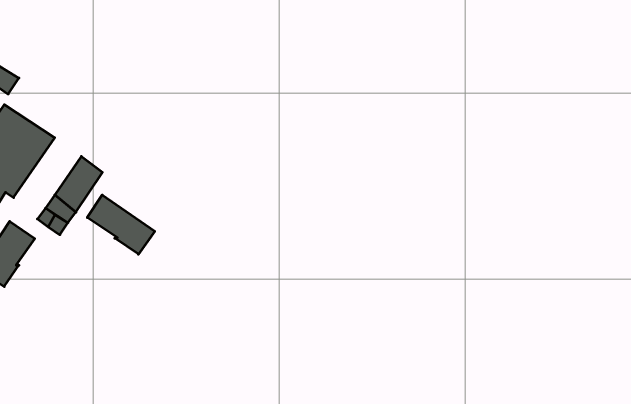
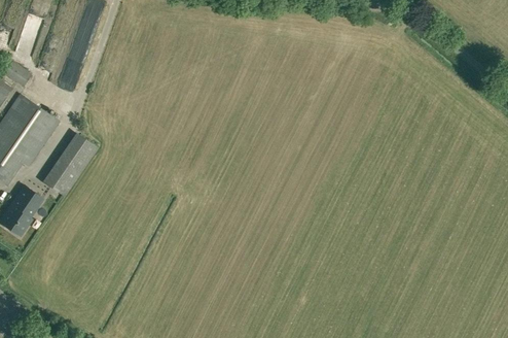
building: [87,195,155,254] -> none

